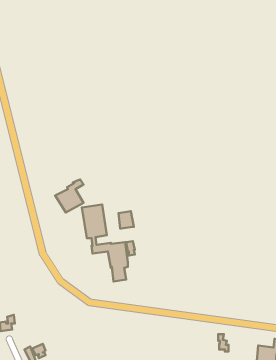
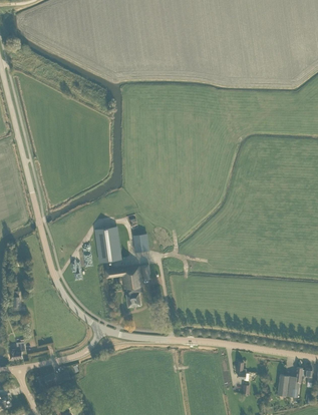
building: [55,179,84,213] -> none

